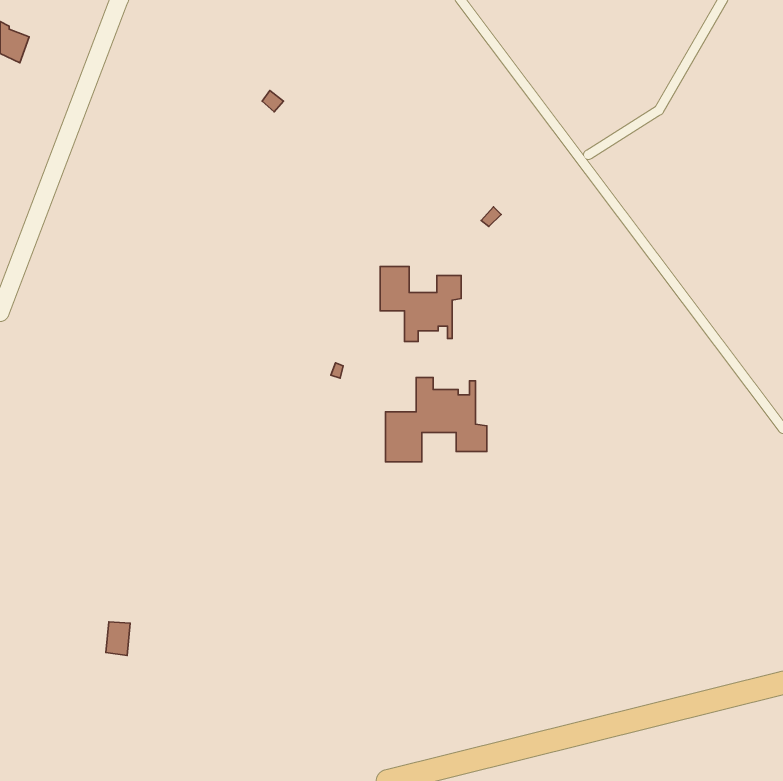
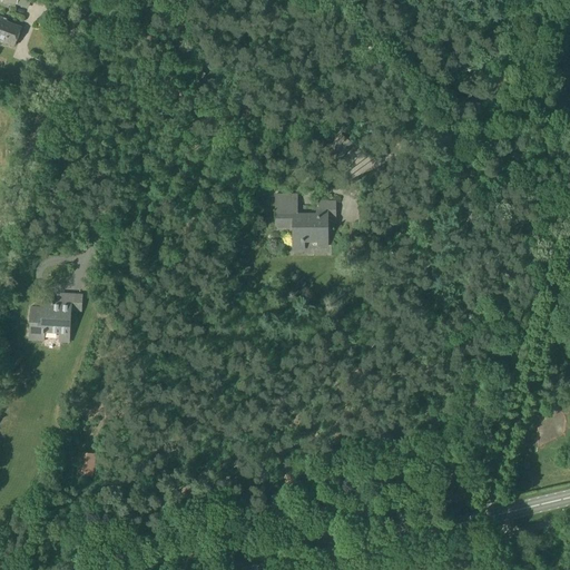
building: [385,378,487,462] -> none
building: none -> [30,294,81,340]

